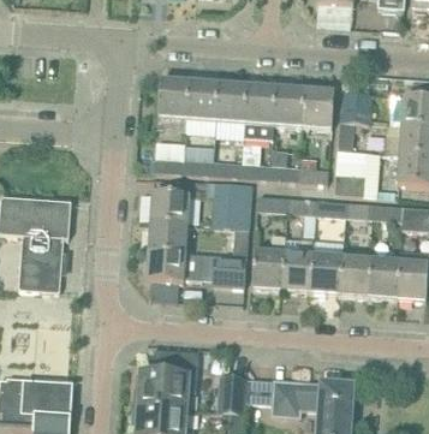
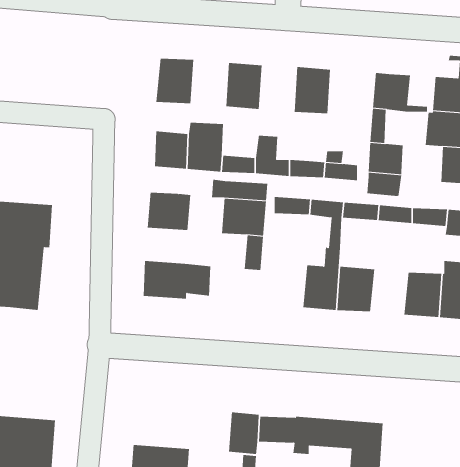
building: [187,81,219,120] -> none
building: [244,85,276,139] -> none
building: [303,89,334,129] -> none
building: [148,222,185,252] -> none
building: [252,236,285,290] -> none
building: [213,255,246,286] -> none
building: [339,257,370,296] -> none
building: [138,350,198,409] -> none

